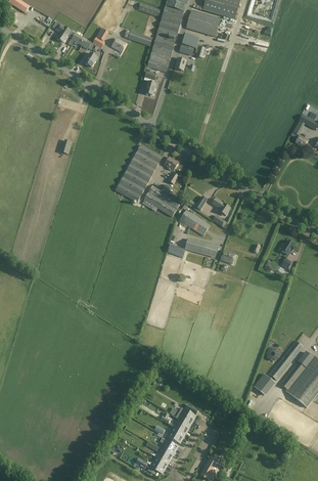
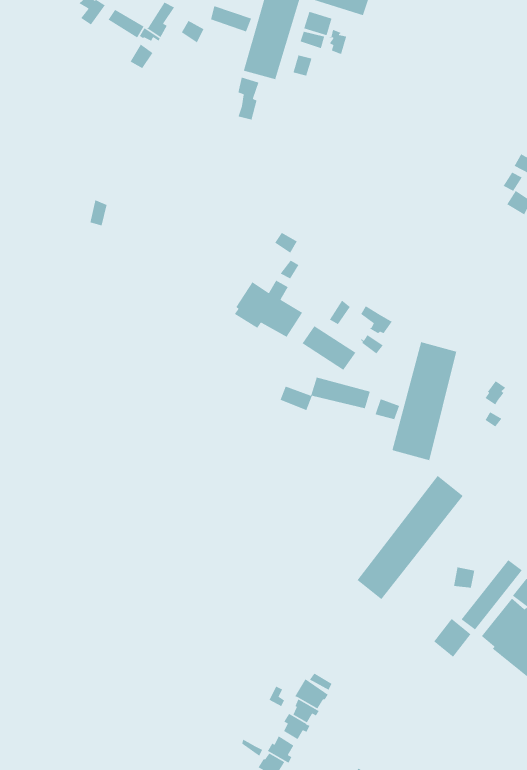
building: [115,145,162,203] -> none
building: none -> [391,341,457,461]
building: none -> [357,475,463,600]

